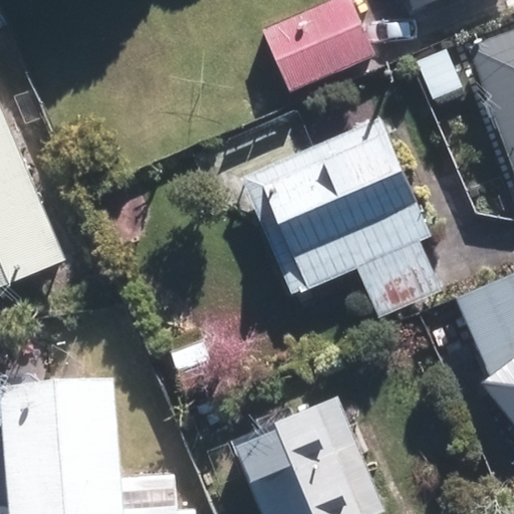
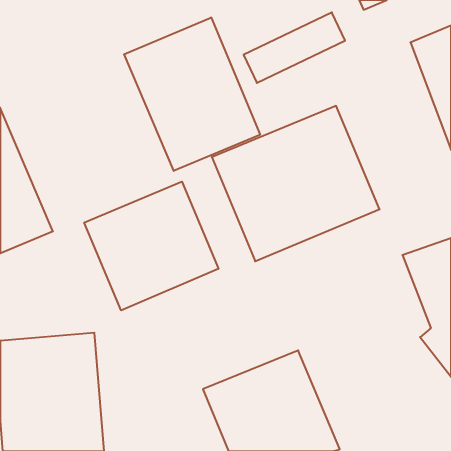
building: none -> [124,17,260,171]
building: none -> [84,182,218,310]

